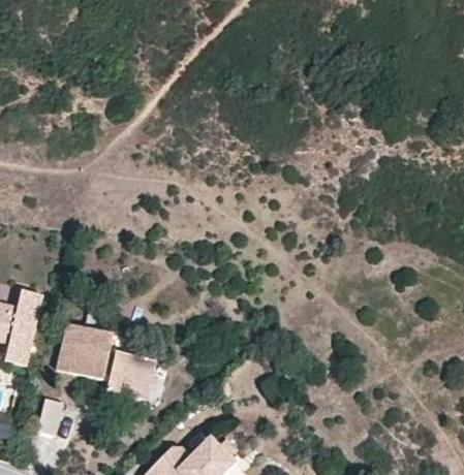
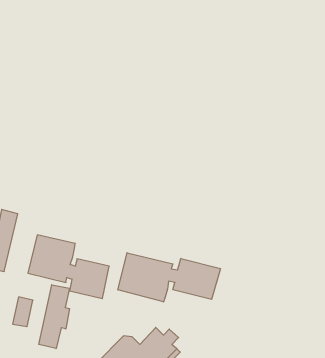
building: none -> [118,253,220,302]
building: none -> [39,285,70,349]

